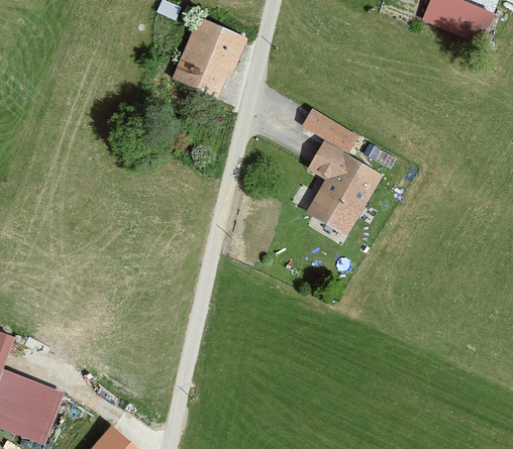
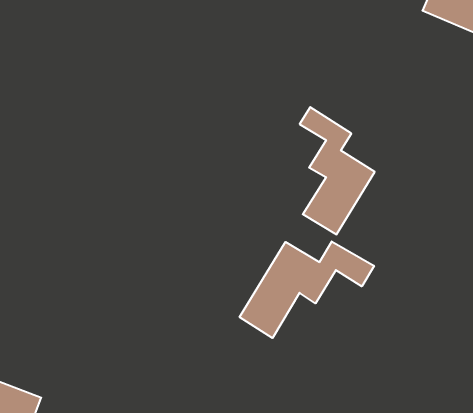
building: [172,18,243,99] -> none
building: none -> [240,241,374,338]

